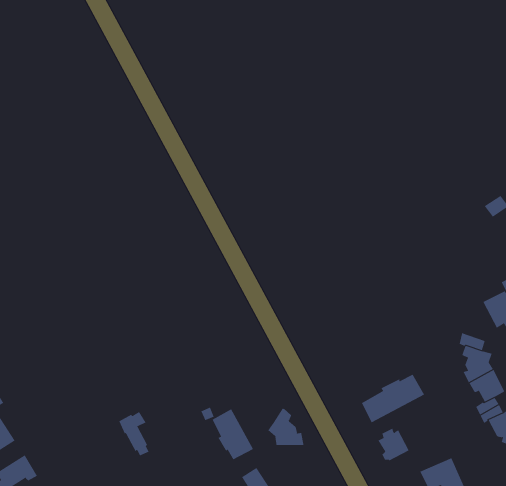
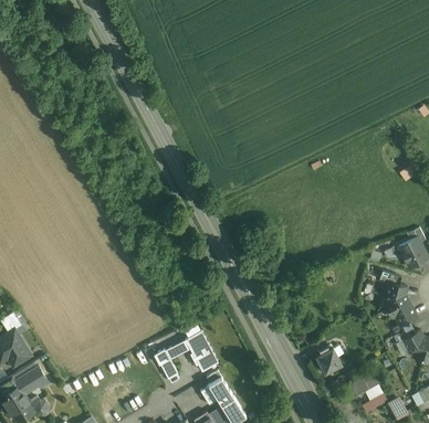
building: [361,374,425,423] -> none
building: [268,408,304,446] -> none
building: [118,411,149,456] -> [154,347,178,382]

